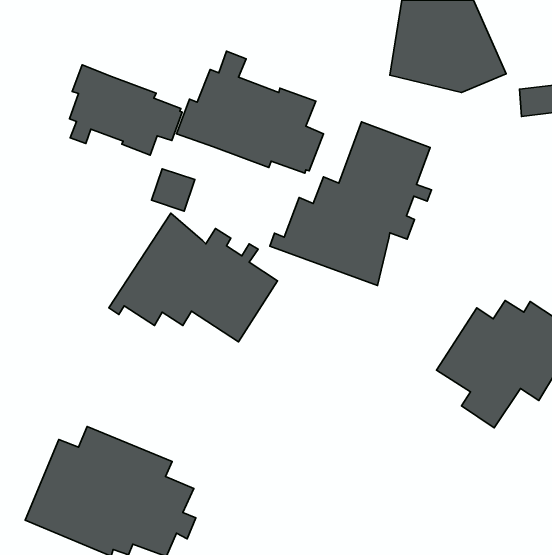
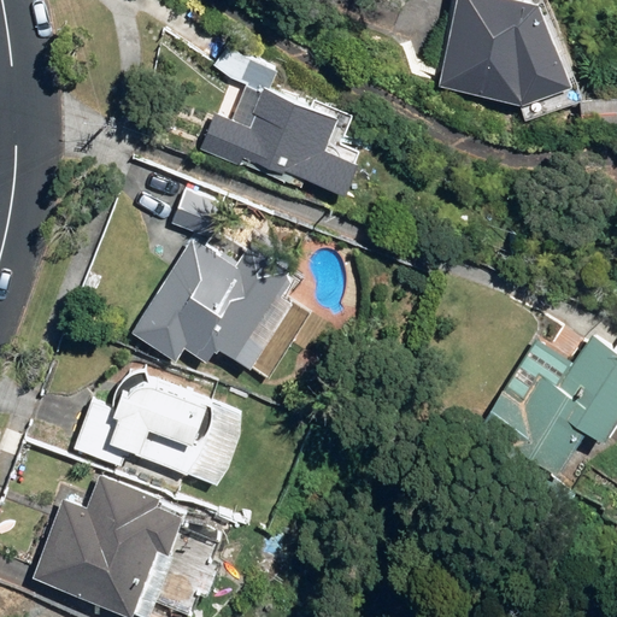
building: [70,65,182,155] -> none
building: [270,122,432,285] -> none
building: none -> [72,375,245,488]

